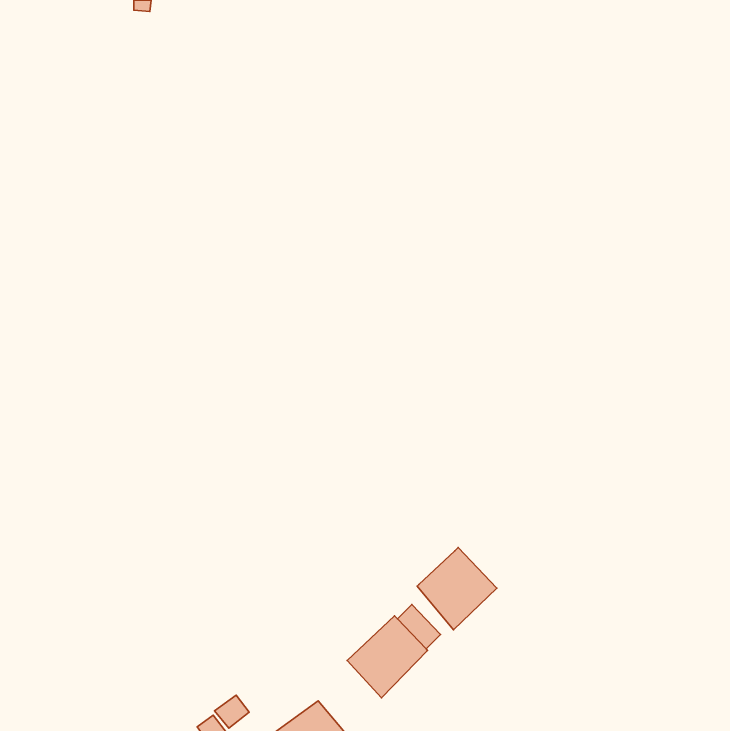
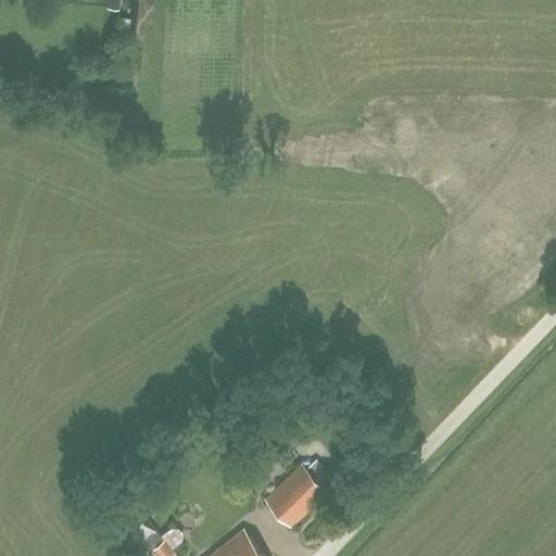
building: [417,548,497,630] -> none

